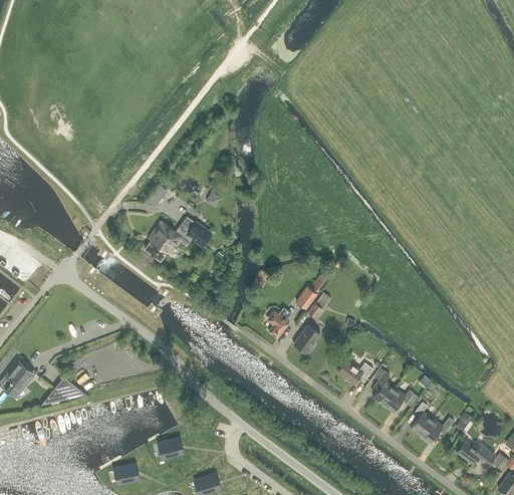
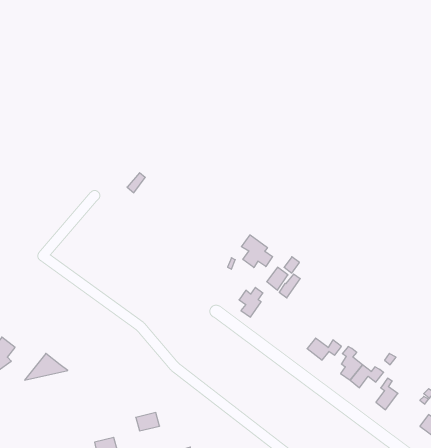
building: [145,220,211,260] -> none
building: none -> [241,235,273,268]
building: [292,323,321,353] -> none
building: [420,417,454,442] -> none

